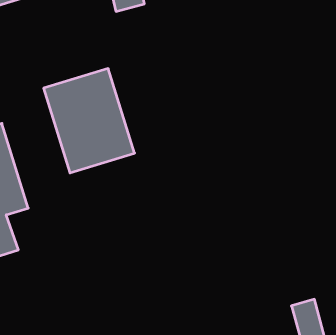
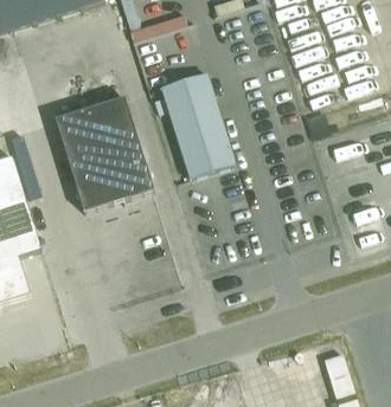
building: none -> [161,71,236,176]

